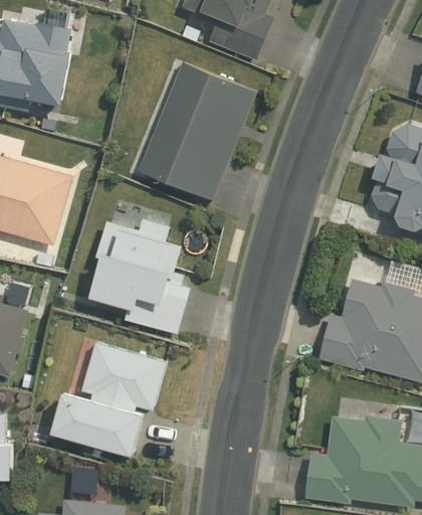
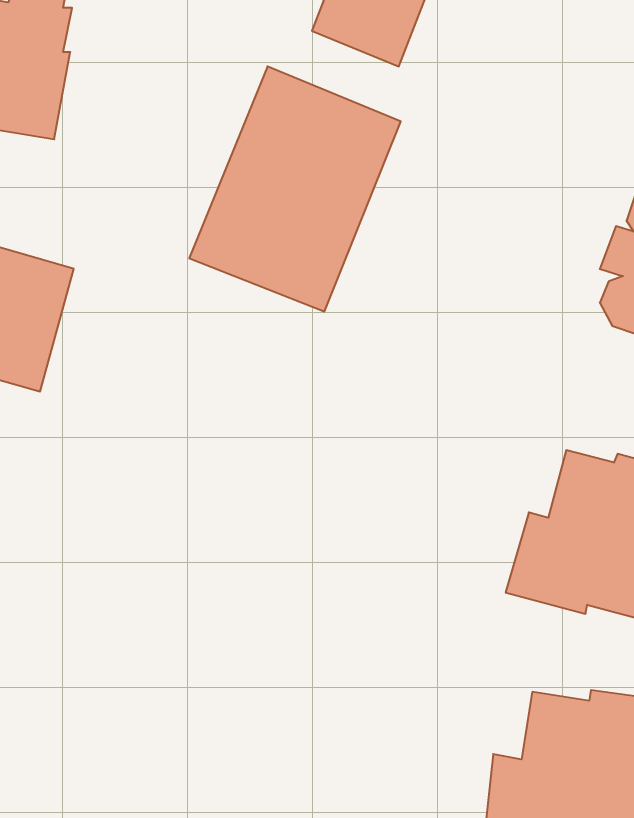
building: [86,218,191,335] -> none
building: [49,342,165,455] -> none

